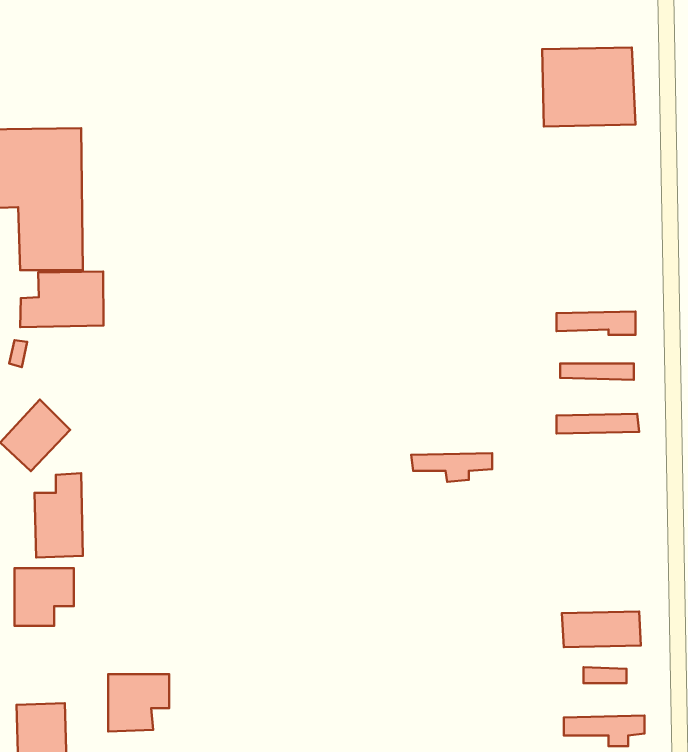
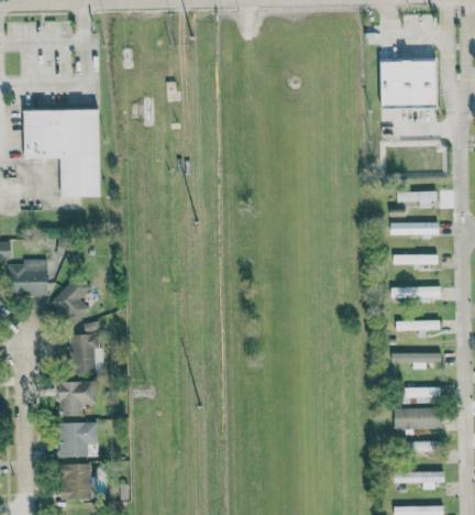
building: none -> [397,191,434,209]
building: [20,272,103,327] -> none
building: [411,453,492,482] -> [390,352,440,370]
building: none -> [396,319,440,338]
building: none -> [402,387,431,404]
building: [108,674,169,732] -> [59,423,97,458]

